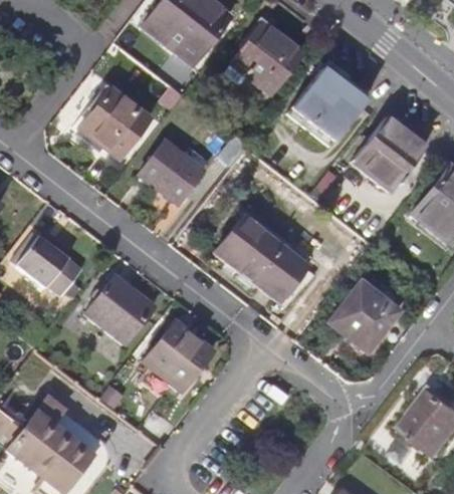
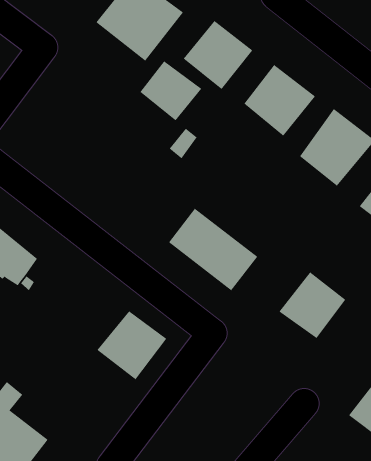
building: [79,87,151,158] -> none
building: [141,142,205,204] -> [139,61,202,121]
building: [85,275,155,344] -> none

